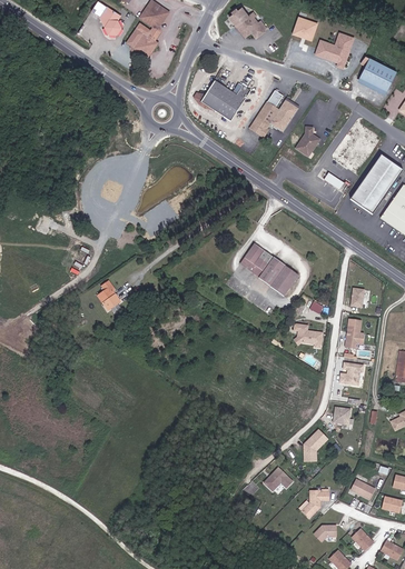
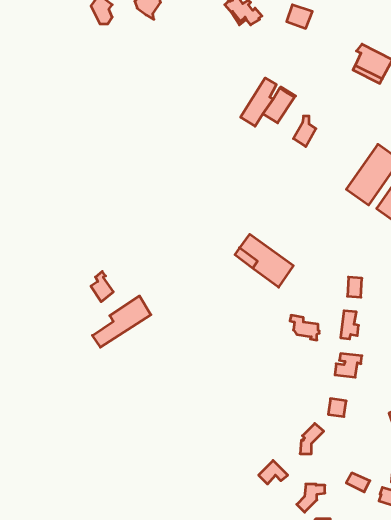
building: [127,27,160,54] -> none
building: [315,32,353,67] -> none
building: [194,80,249,119] -> none
building: none -> [92,296,151,347]

